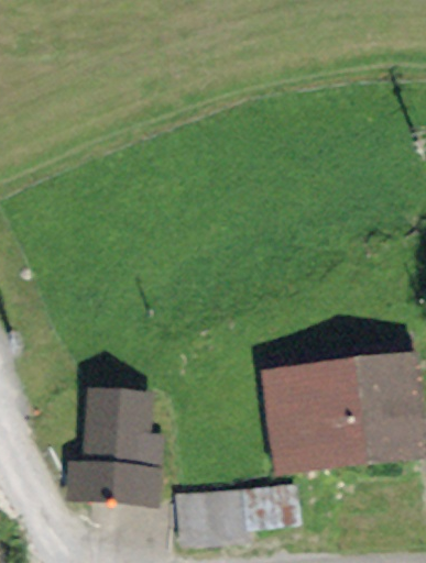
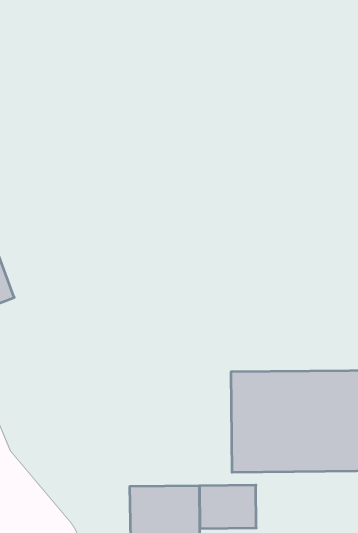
building: [66,387,165,505] -> none

